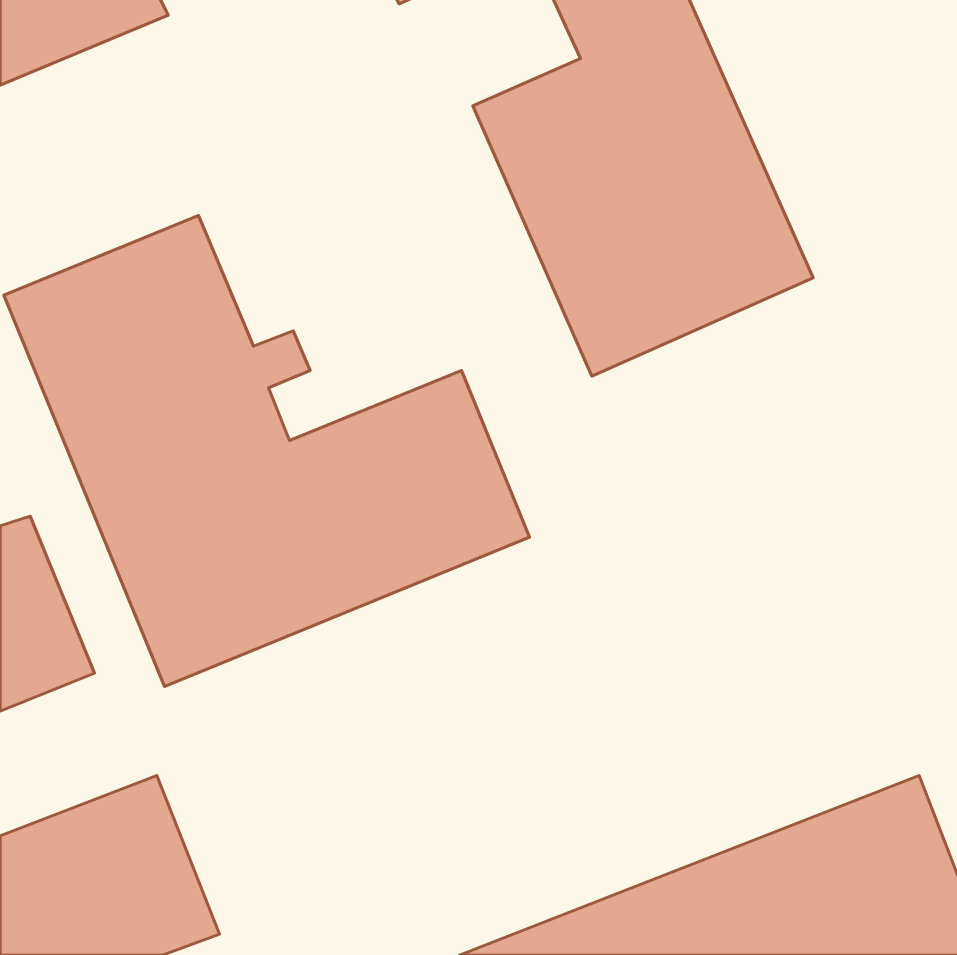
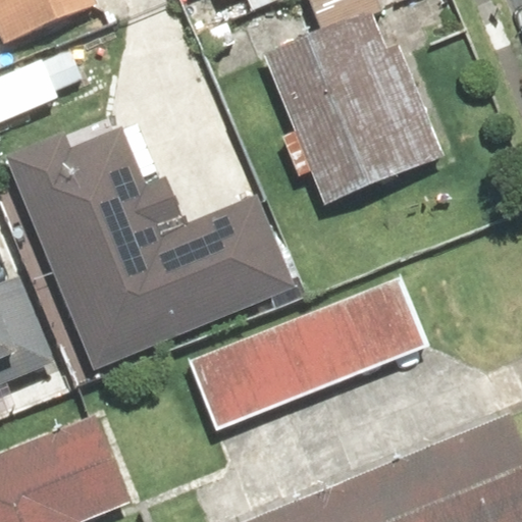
building: none -> [188,279,426,432]

